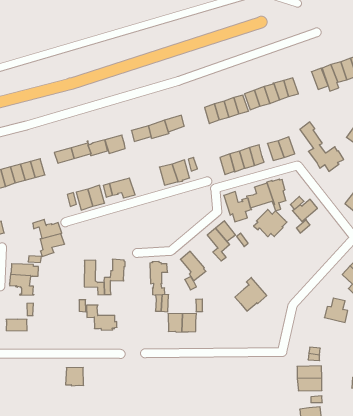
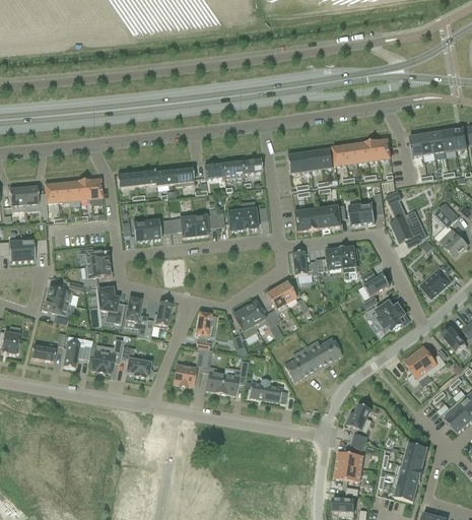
building: none -> [193,208,218,236]
building: [254,209,287,237] -> [372,300,408,330]
building: none -> [245,301,276,327]
building: none -> [97,286,125,323]
building: none -> [306,336,342,369]
building: [324,298,348,322] -> [346,403,373,432]
building: none -> [63,343,91,368]
building: none -> [249,378,287,402]
building: none -> [174,364,196,386]
building: [66,368,84,386] -> [91,350,114,373]

